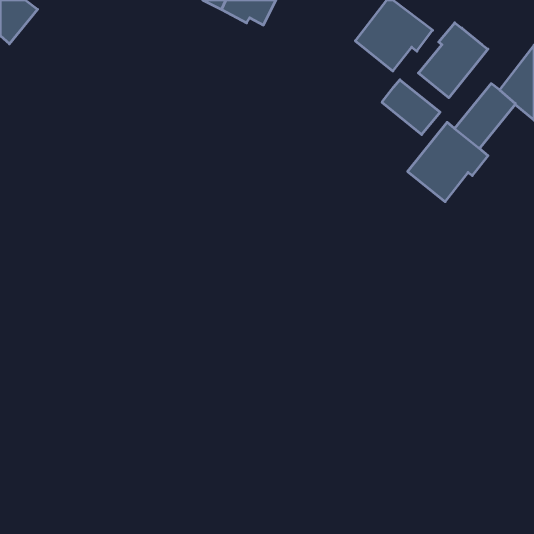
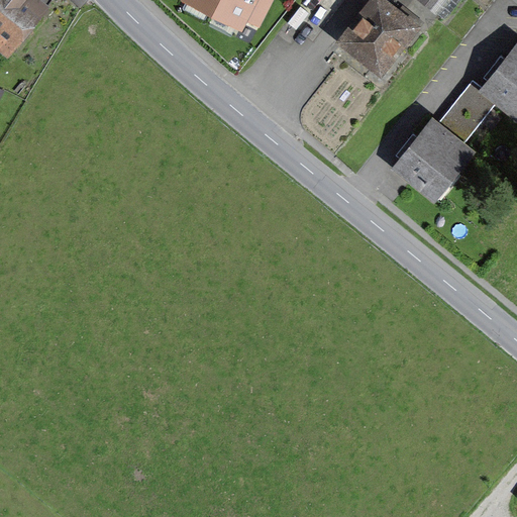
building: [418,23,488,98] -> none
building: [382,80,440,135] -> none

